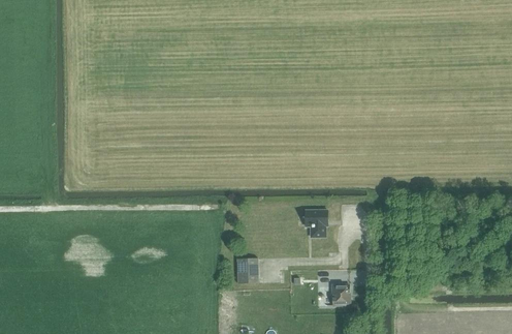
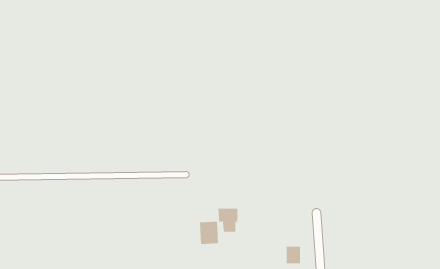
building: [303,208,326,235] -> [218,208,238,232]

